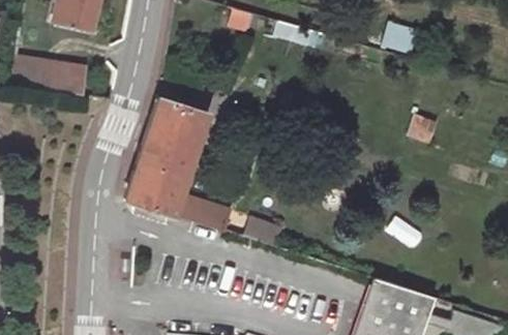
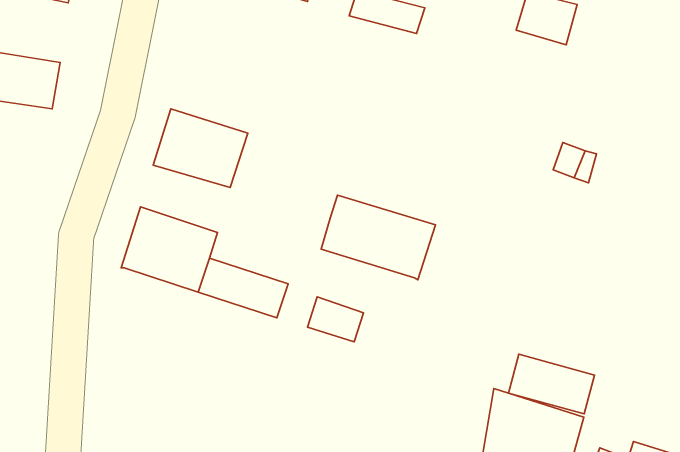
building: [140,131,198,175] -> none
building: none -> [321,195,435,280]
building: none -> [508,354,595,414]

